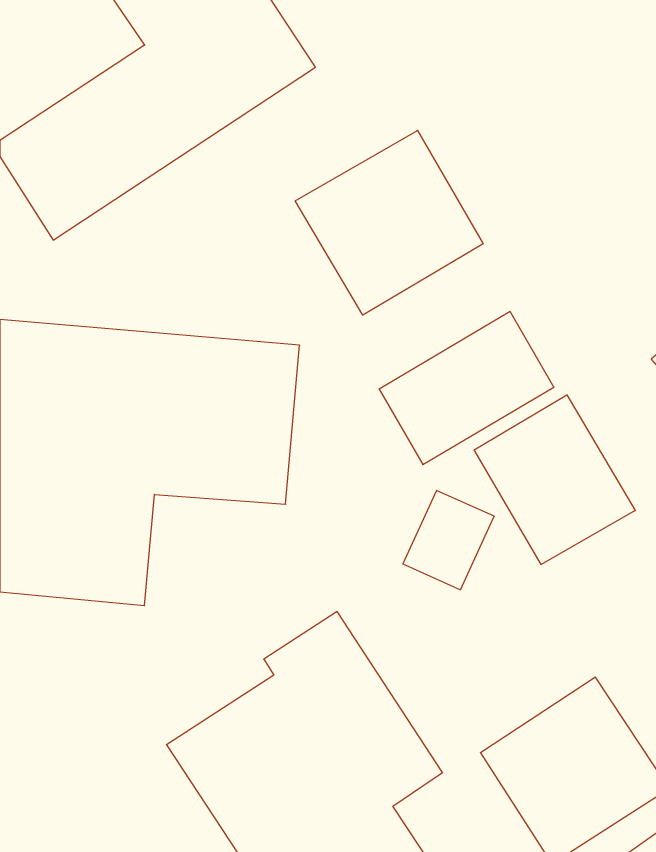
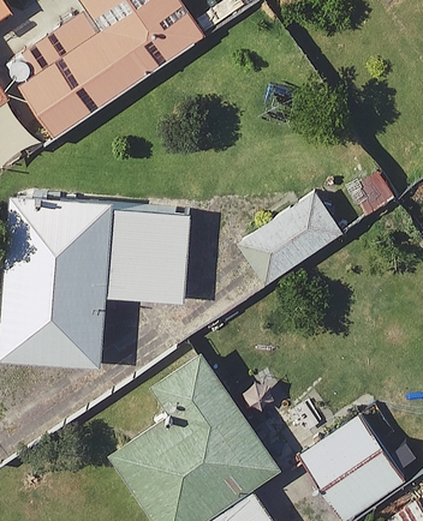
building: [295,130,483,315] -> none
building: [474,395,635,565] -> none

